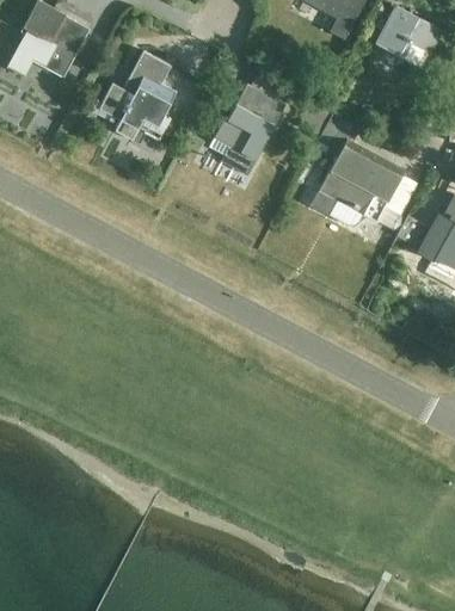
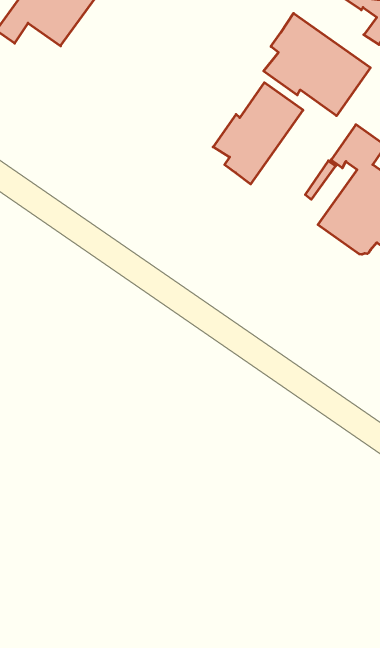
building: none -> [264,13,370,116]
building: [100,51,176,138] -> none

